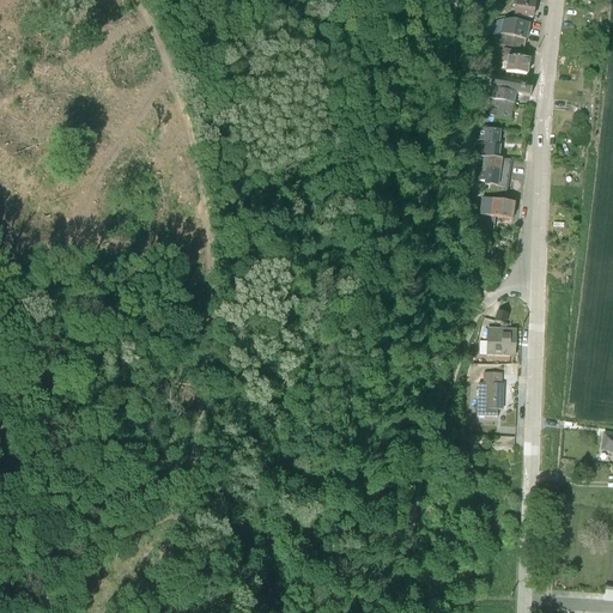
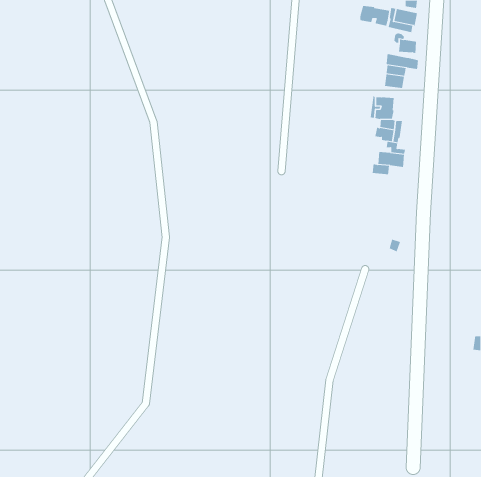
building: none -> [360,5,390,27]
building: [486,327,517,357] -> none
building: [482,372,504,409] -> none

